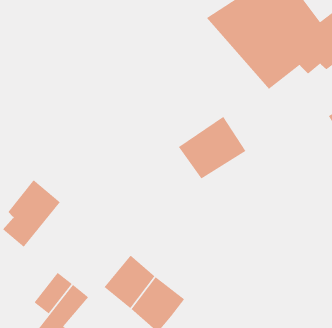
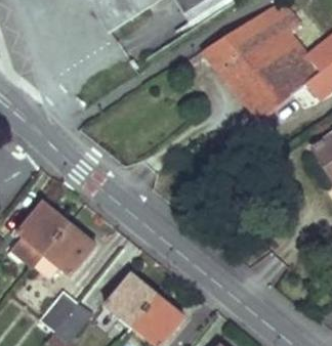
building: [178,116,247,180] -> none
building: none -> [31,224,92,282]

